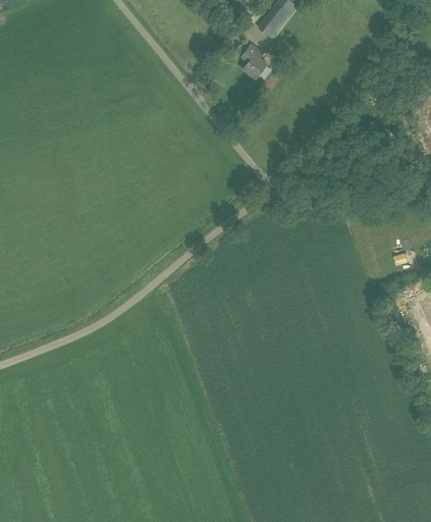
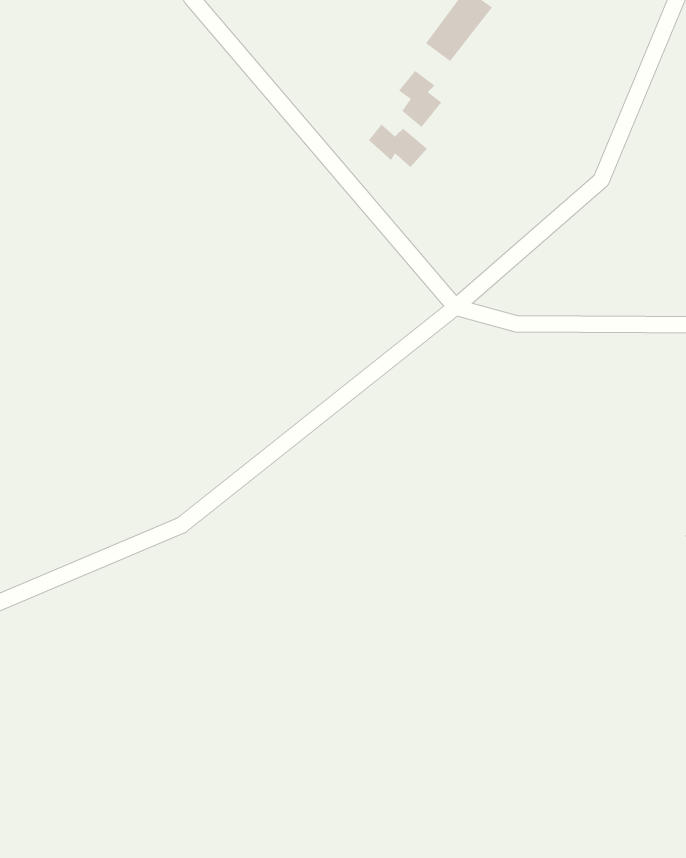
building: none -> [368,124,428,168]

